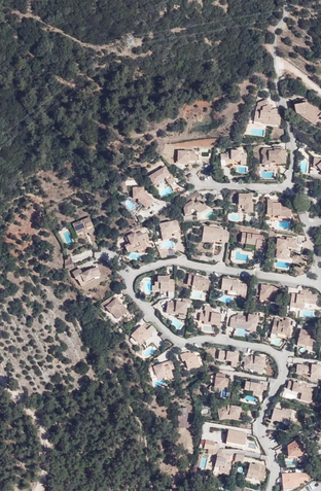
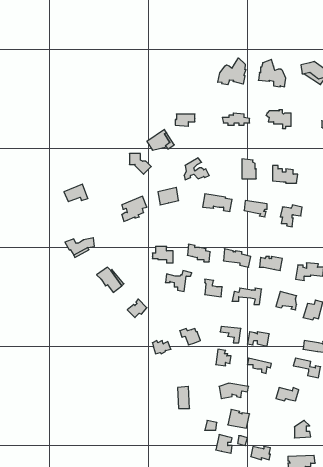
building: none -> [218,58,246,85]

